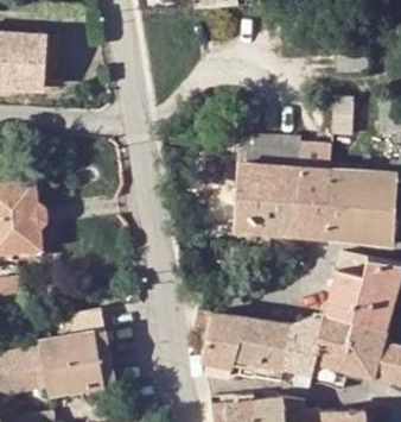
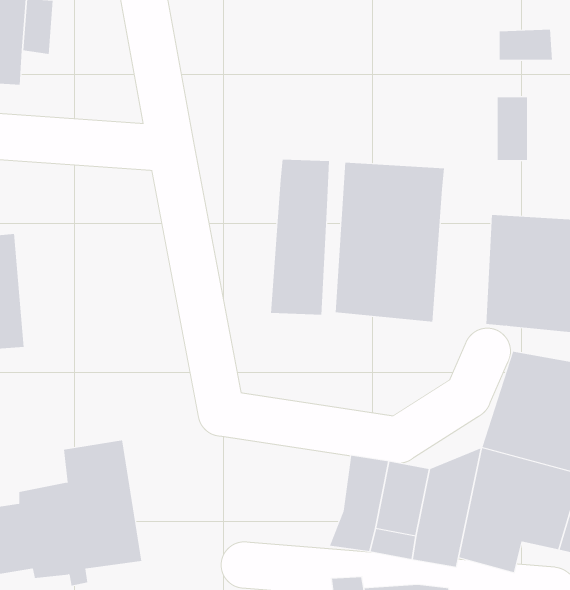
building: [293,141,330,238] -> [270,159,330,315]
building: [193,309,242,379] -> none

